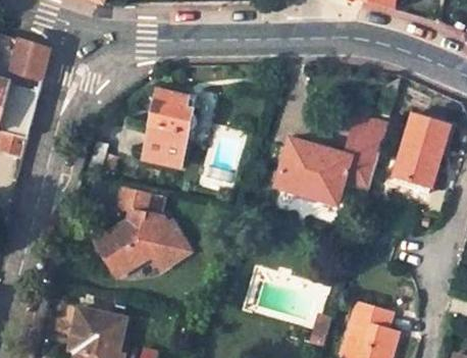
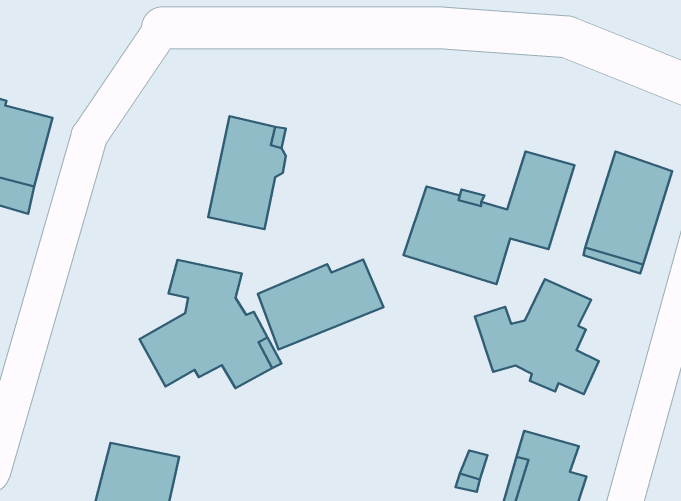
building: [11,40,49,79] -> none
building: none -> [258,259,383,349]
building: none -> [475,279,599,394]

